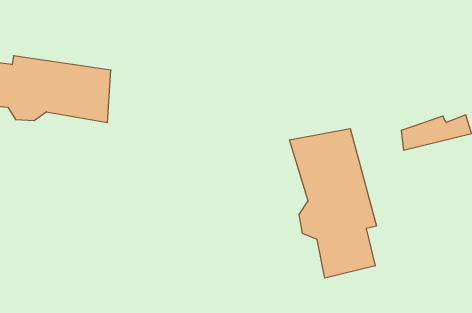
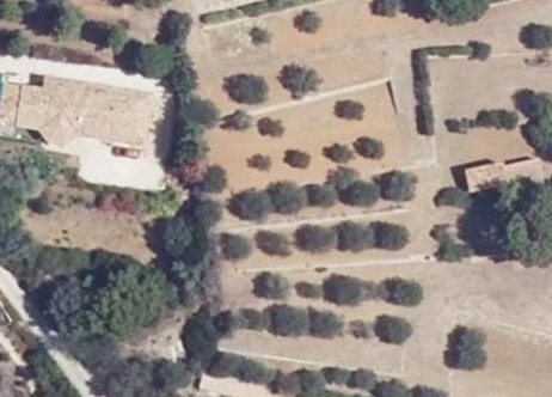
building: [290,129,376,278] -> none

